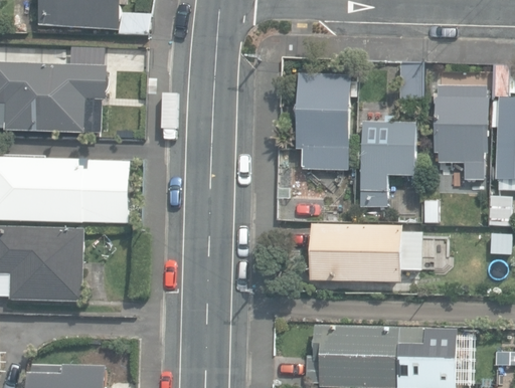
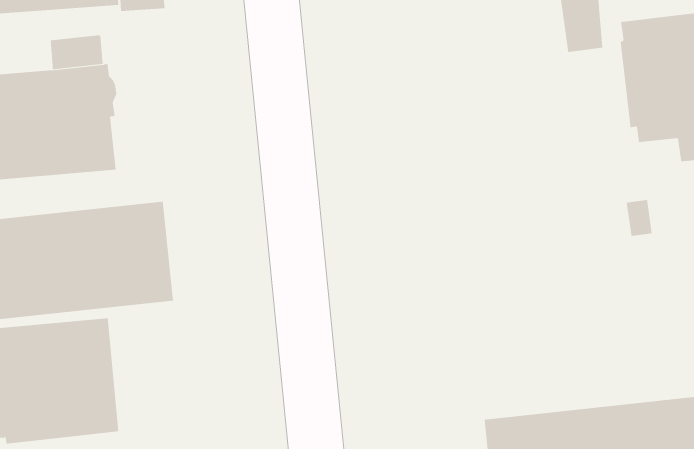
building: [297,75,349,170] -> none
building: [358,117,416,207] -> none
building: [308,222,424,281] -> none

